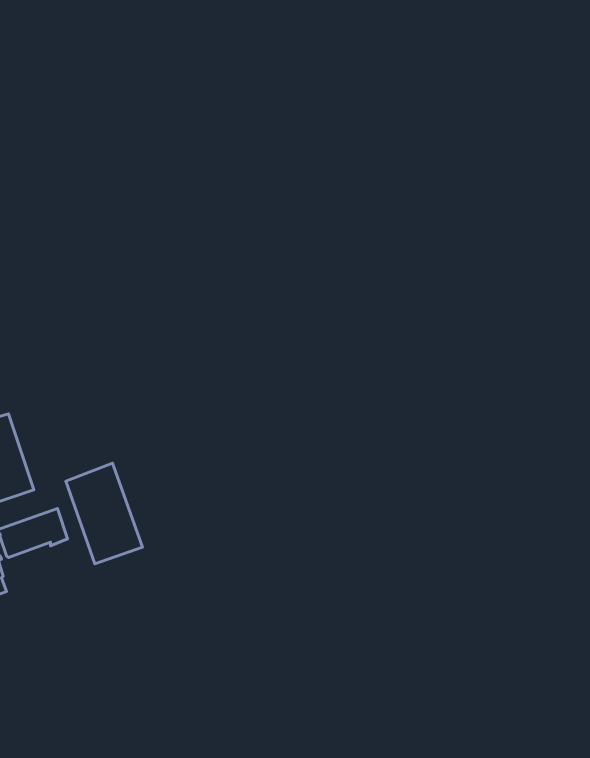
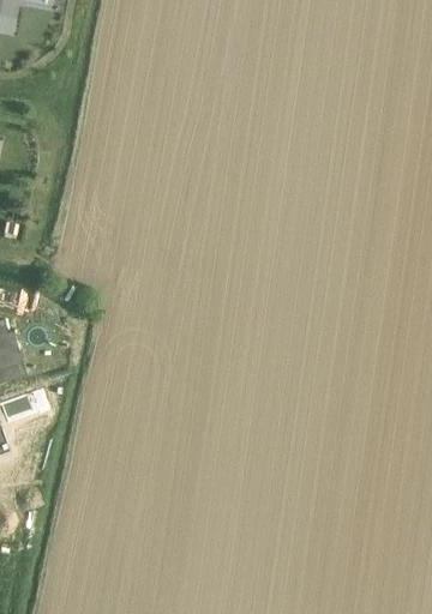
building: [66,463,143,564] -> none

